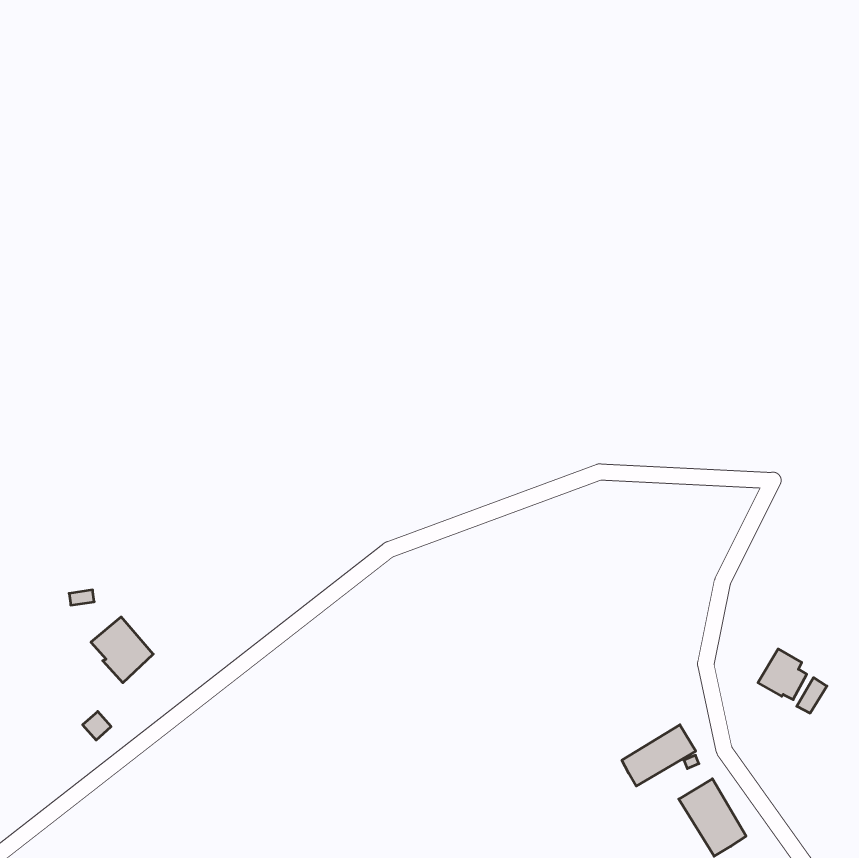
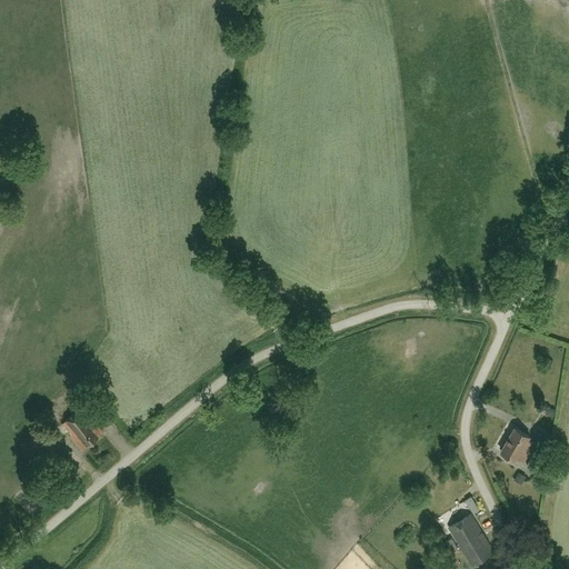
building: [622,725,696,786] -> none

